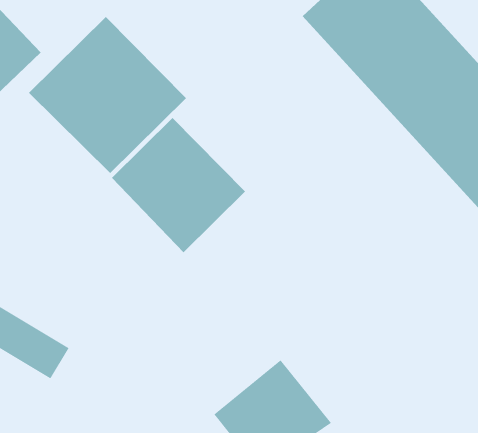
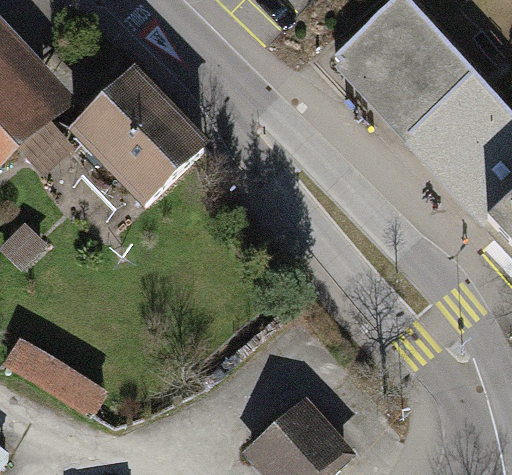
building: [111,117,246,253] -> none

